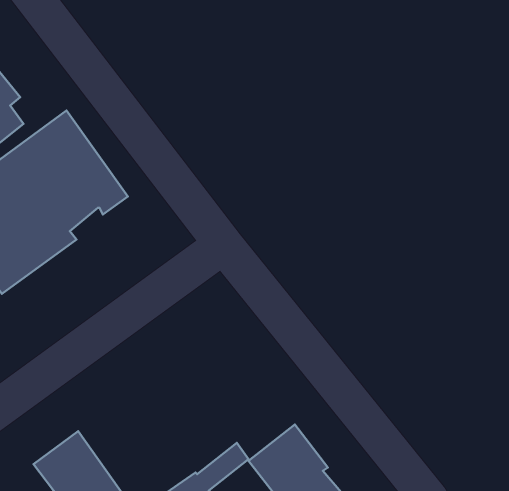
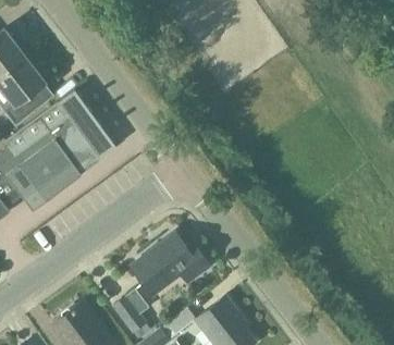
building: none -> [132,233,209,294]
building: none -> [111,294,147,333]

